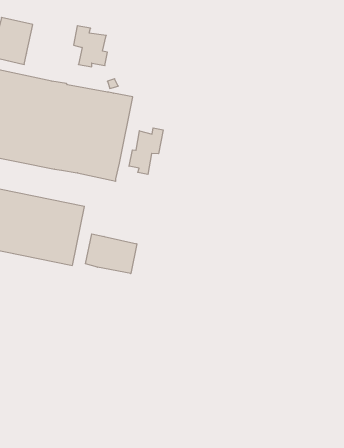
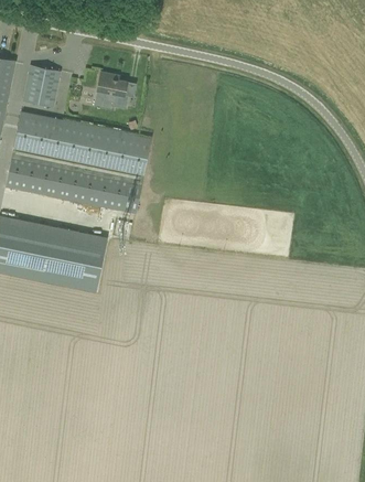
building: [129,128,163,174] -> none
building: [86,234,137,274] -> none

